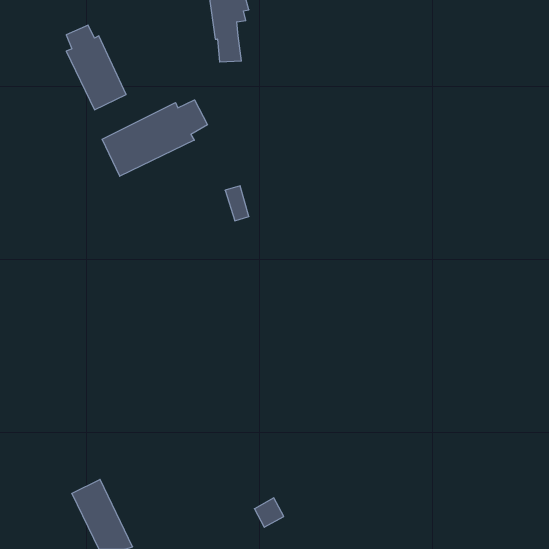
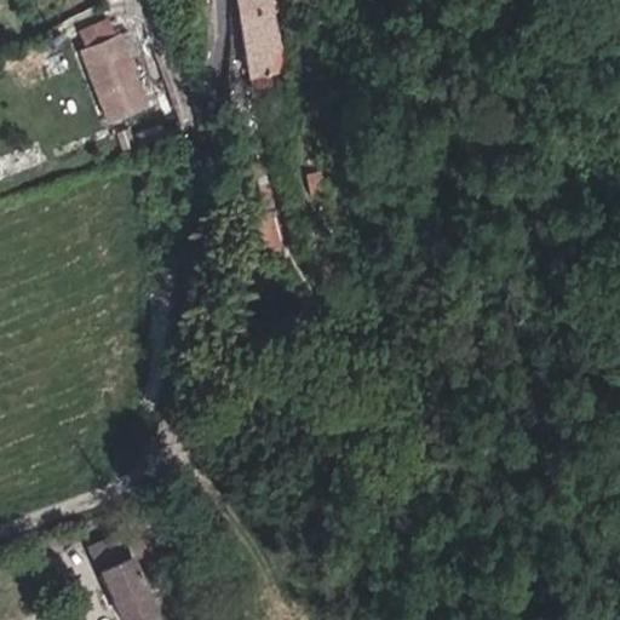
building: [102,100,207,176] -> none

